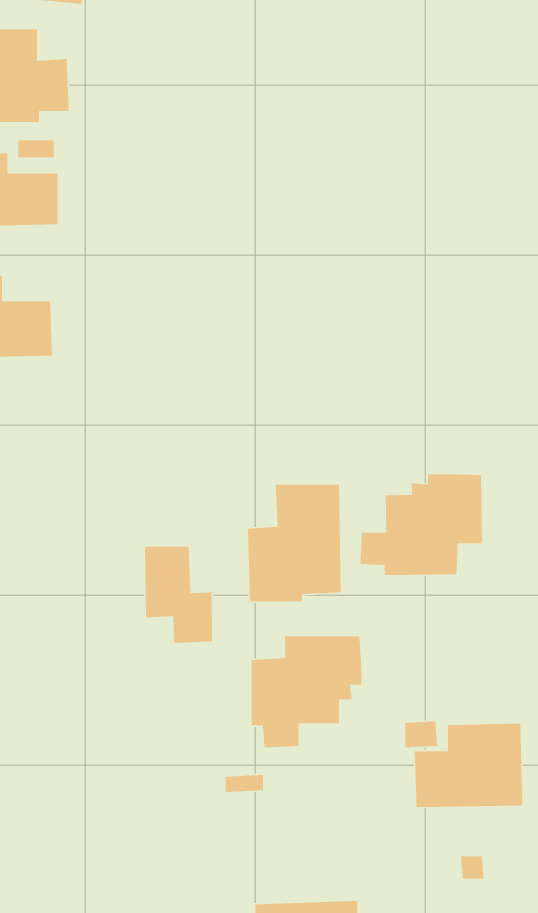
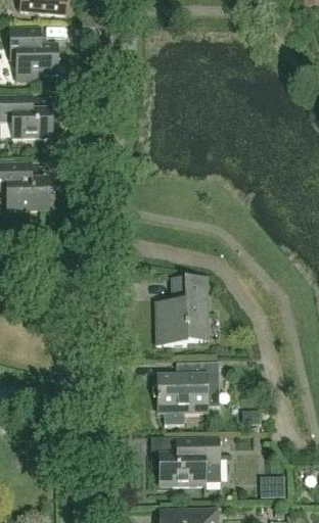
building: [360,473,483,576] -> none
building: [144,546,213,644] -> none
building: [414,723,523,808] -> [158,438,219,485]

